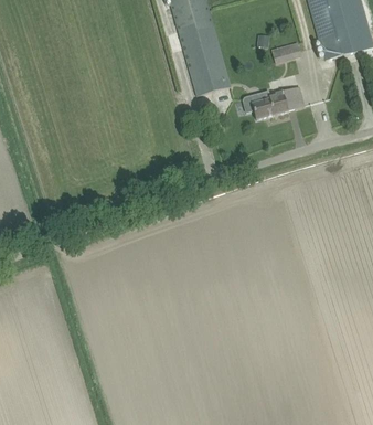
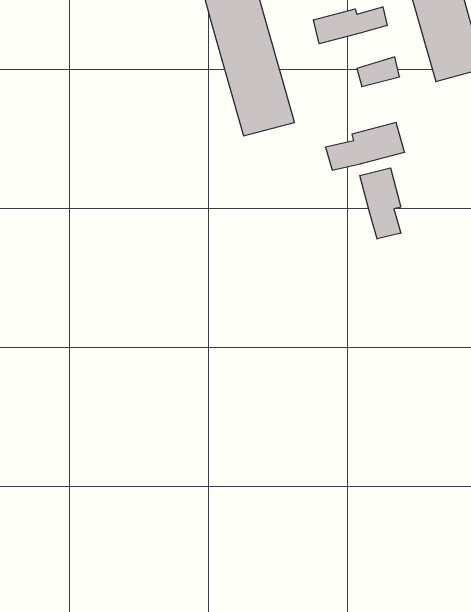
building: none -> [313,7,387,44]
building: none -> [360,168,401,239]

